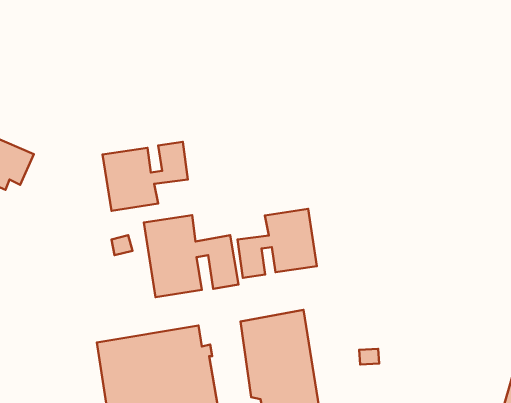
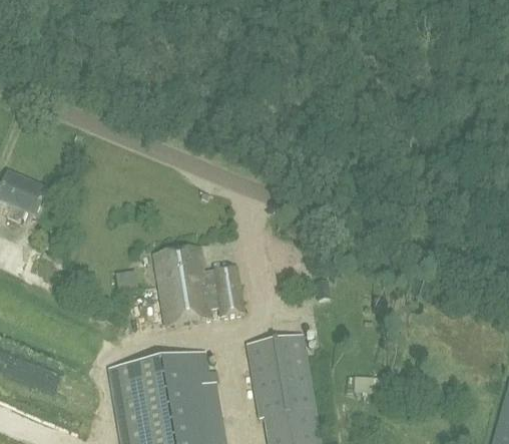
building: [103,142,188,211] -> none
building: [237,209,317,278] -> none

